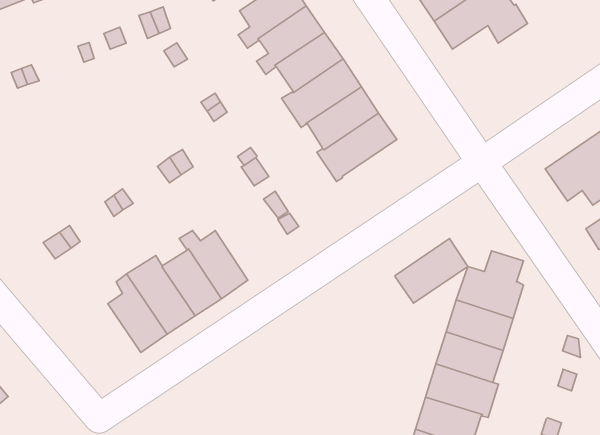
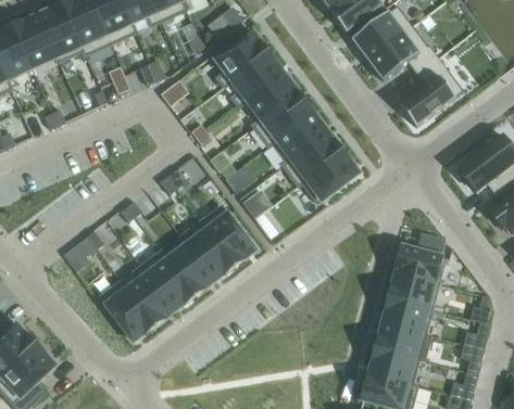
building: none -> [400,56,463,126]
building: none -> [199,204,254,265]
building: [395,239,468,303] -> [302,151,358,202]
building: none -> [100,279,154,340]

